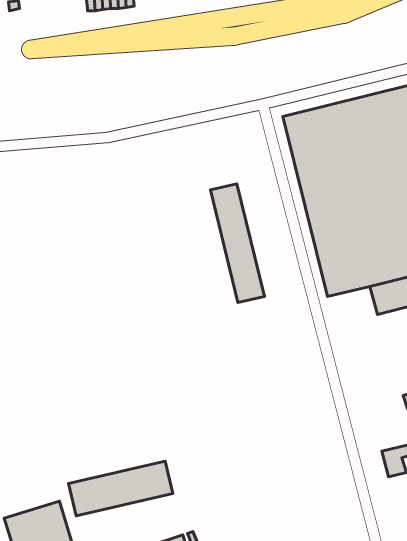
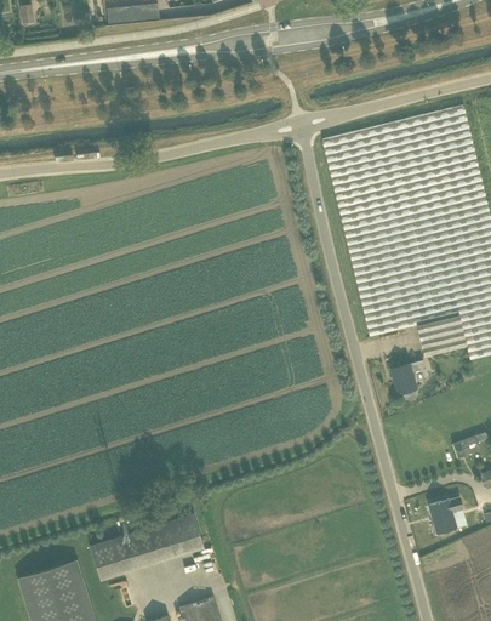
building: [210,184,264,302] -> none
building: none -> [390,359,426,399]

